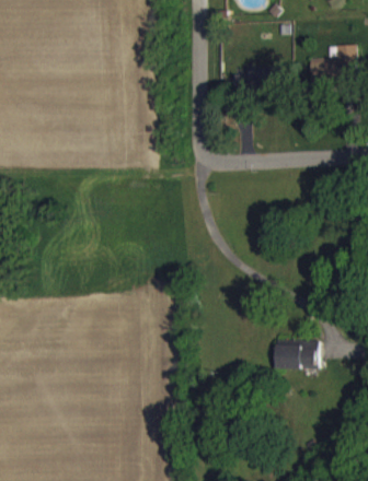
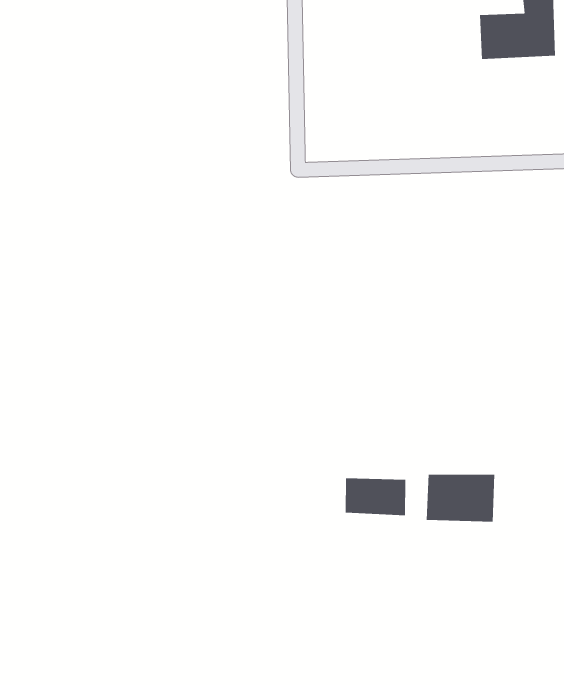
building: none -> [345,478,406,516]

